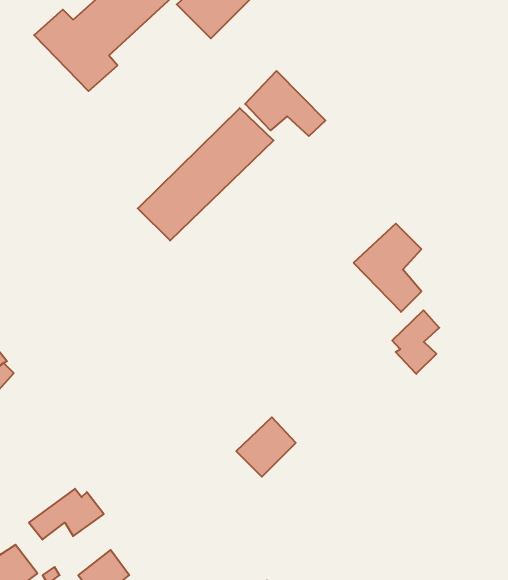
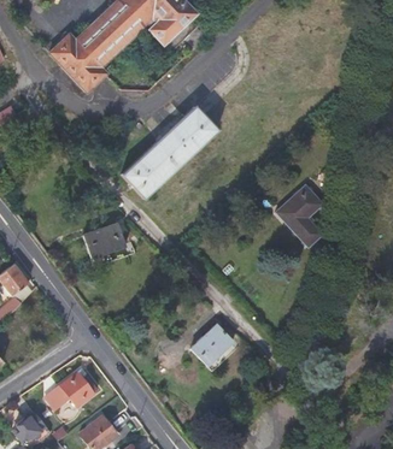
building: [245,71,325,136] -> none
building: none -> [83,221,135,266]
building: [392,310,439,374] -> none

